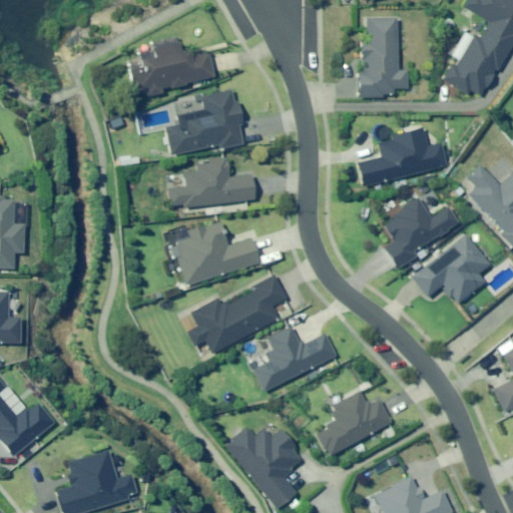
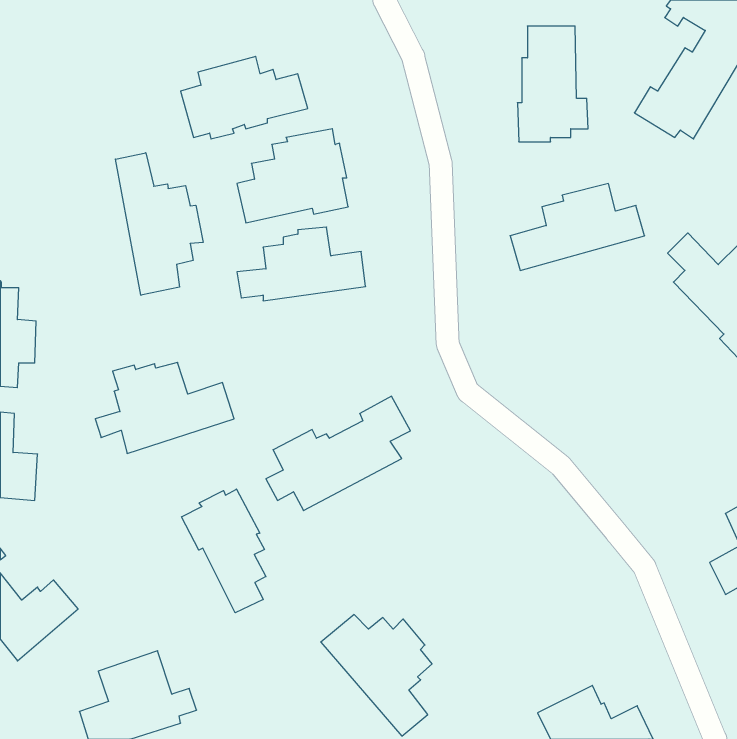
building: none -> [115,153,203,295]
building: [383,196,458,269] -> none
building: [163,222,260,286] -> [95,362,234,453]
building: [412,232,490,301] -> none
building: [251,326,337,392] -> none
building: none -> [182,489,266,613]
building: [316,389,391,455] -> none

